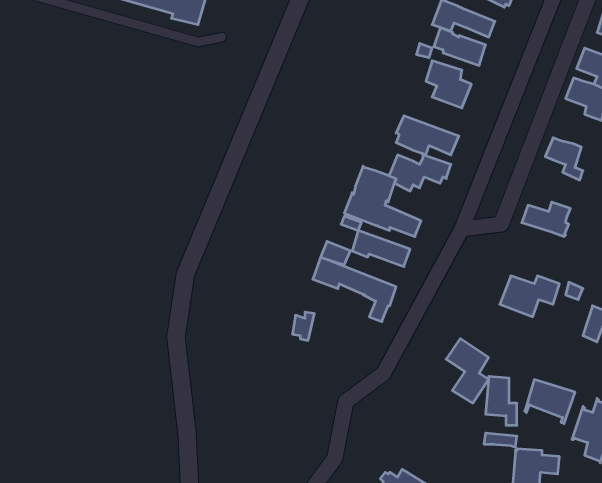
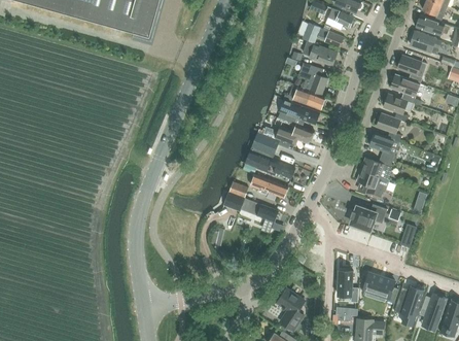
building: none -> [282,86,324,109]
building: none -> [383,93,408,122]
building: none -> [368,132,398,160]
building: none -> [356,169,389,197]
building: [446,339,488,403] -> [276,288,304,331]

